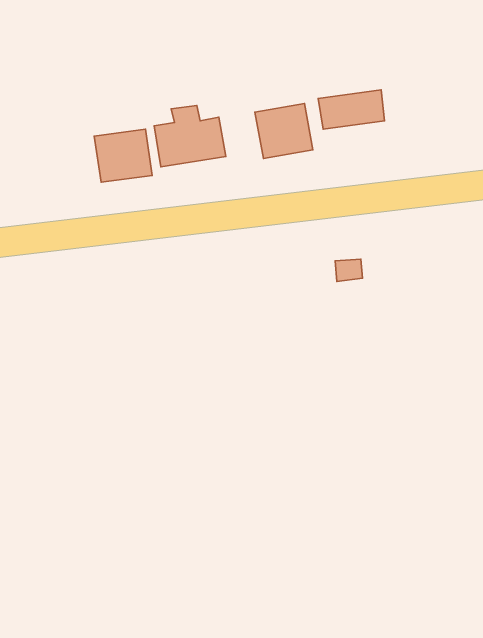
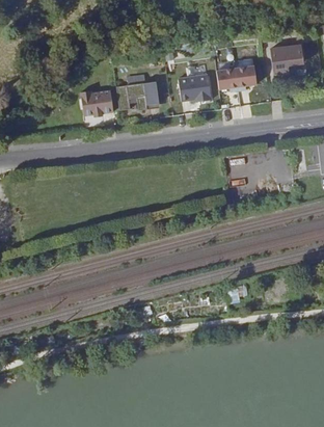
building: none -> [265,42,303,75]

